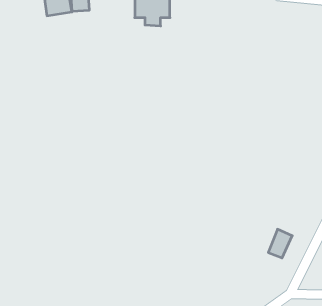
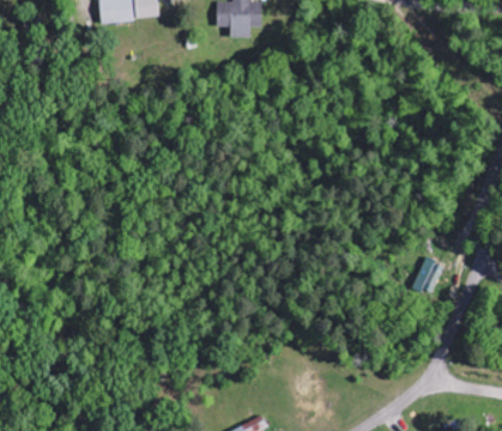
building: [268,229,292,258] -> [413,257,444,295]

